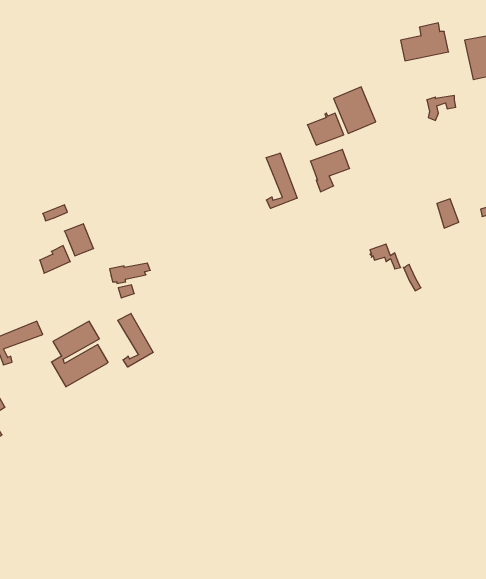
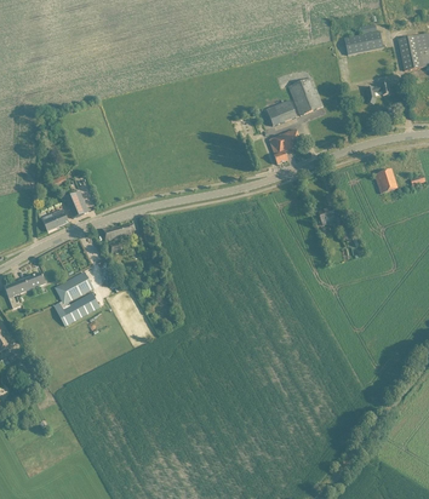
building: [266,153,297,208] -> none
building: [118,313,153,367] -> none

